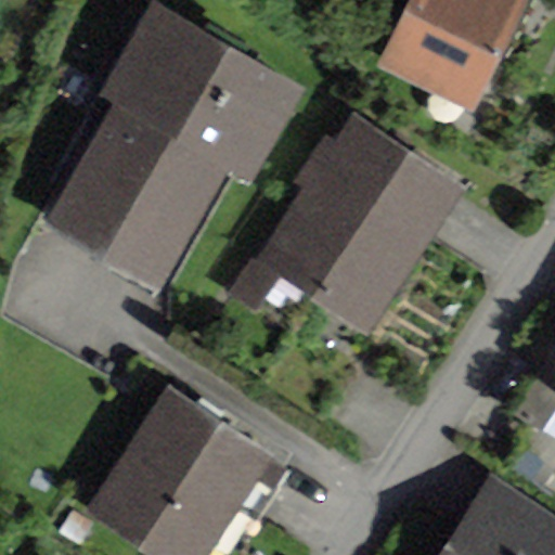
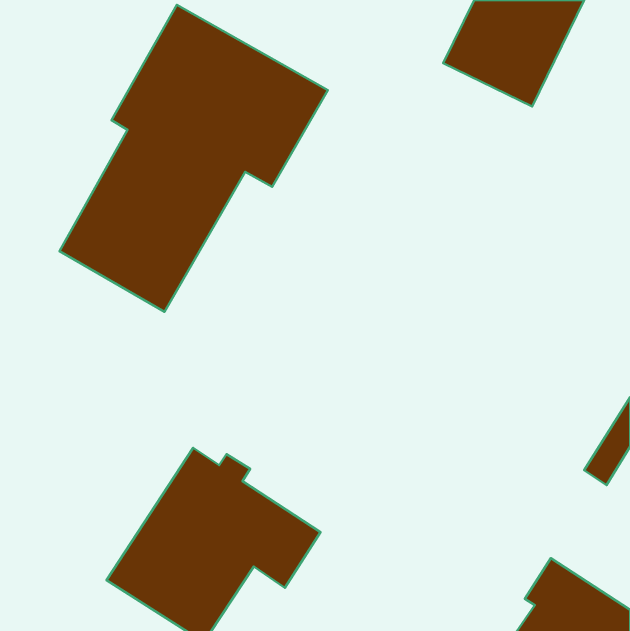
building: [236,121,452,313] -> none

